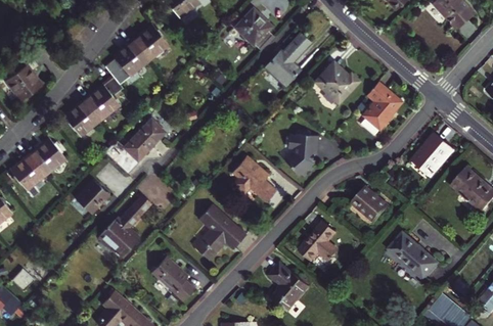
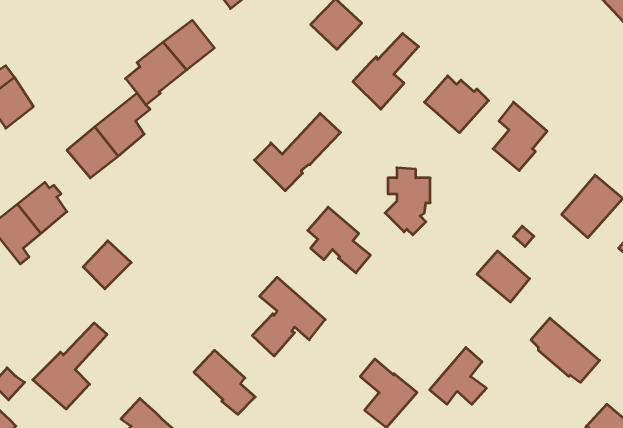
building: [105,120,166,174] -> [254,113,341,191]
building: [99,196,151,257] -> [33,323,107,409]
building: [300,222,340,262] -> [430,347,486,404]

